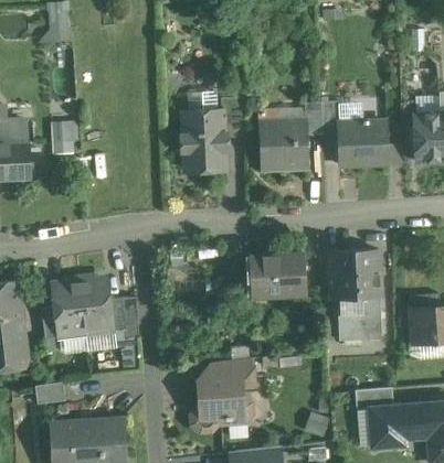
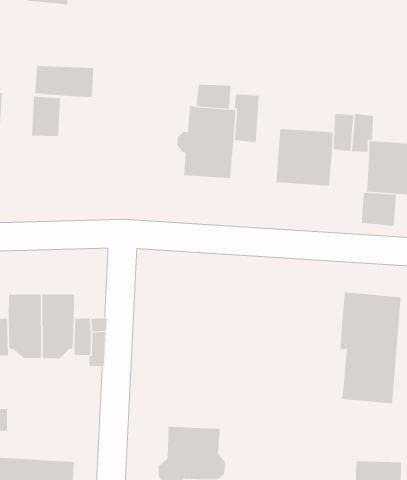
building: none -> [35,65,94,98]
building: none -> [361,192,397,226]
building: [249,254,303,297] -> none
building: [226,357,255,388] -> none

